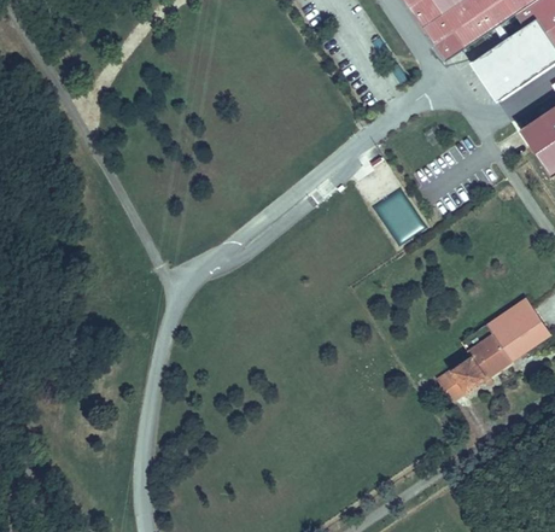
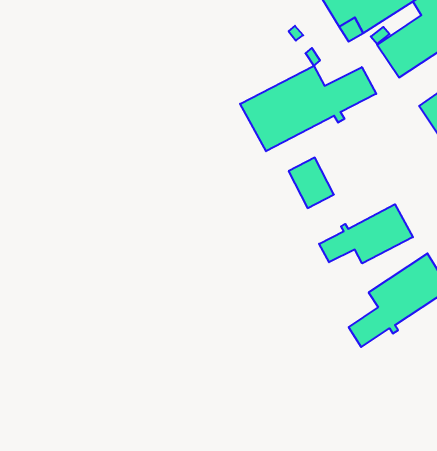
building: none -> [240,66,376,151]
building: none -> [319,204,413,263]

